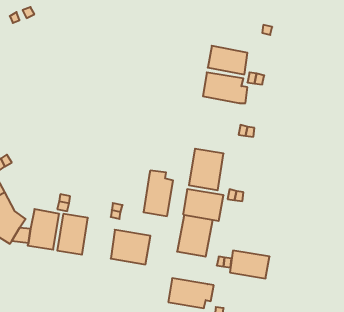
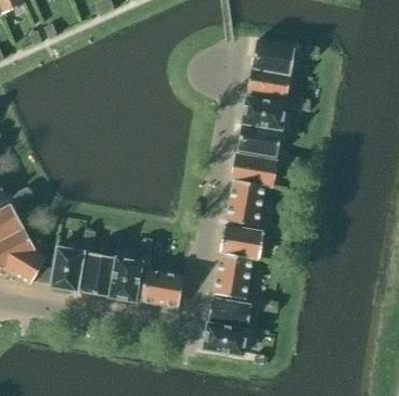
building: none -> [252,40,296,74]
building: none -> [237,122,282,155]
building: none -> [232,153,276,184]
building: [143,171,173,216] -> [110,250,142,299]
building: [230,251,270,278] -> [208,297,252,328]

